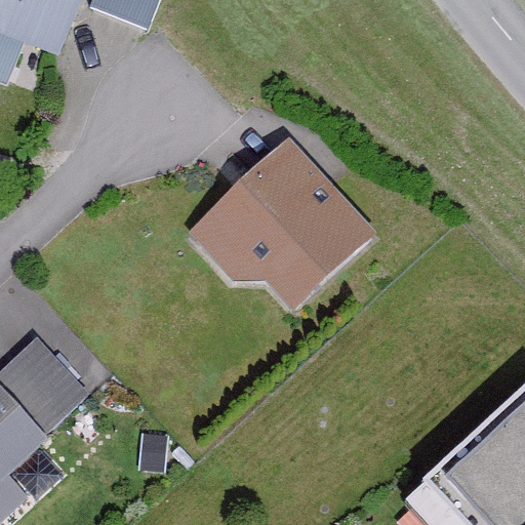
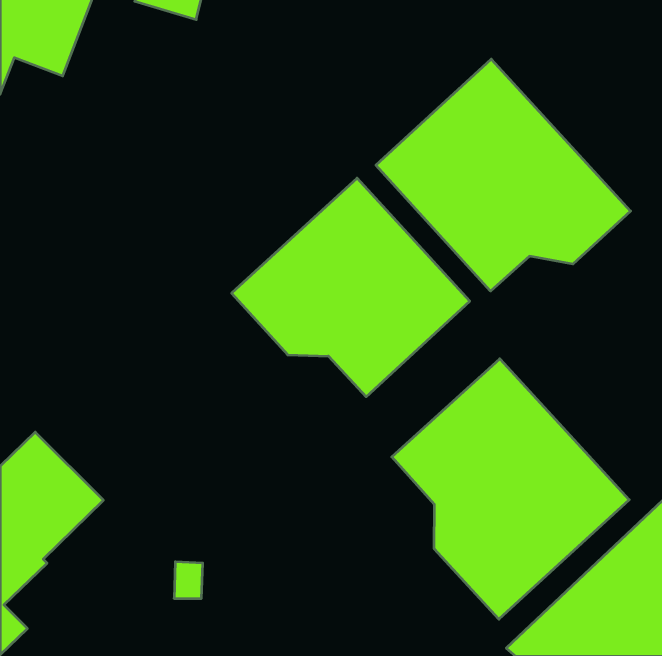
building: none -> [376,59,631,291]
building: none -> [392,359,629,619]

